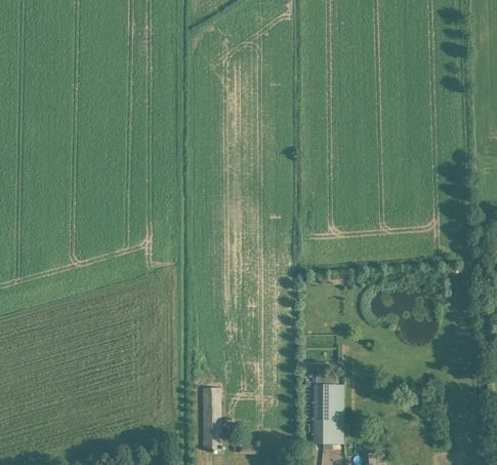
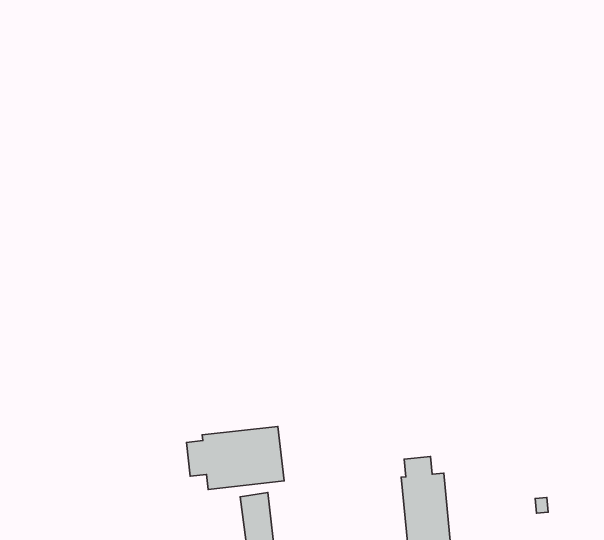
building: none -> [187,427,284,489]

